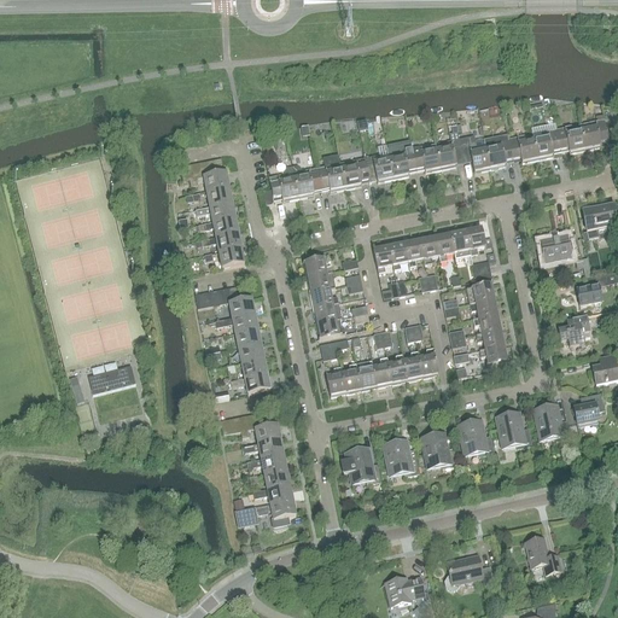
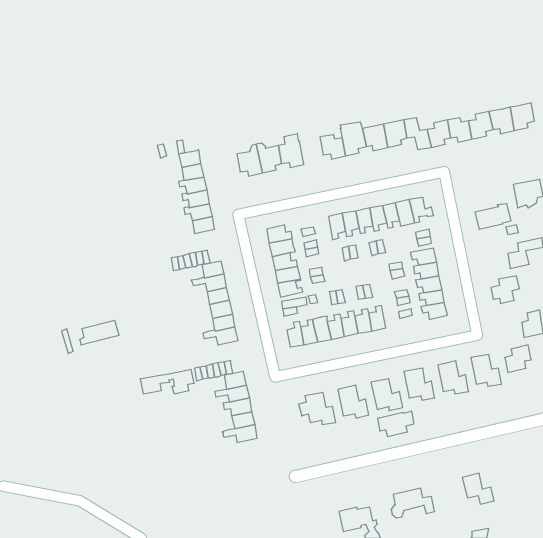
building: [340,156,367,187] -> none
building: none -> [378,411,414,437]
building: [234,499,296,526] -> [140,369,194,394]

